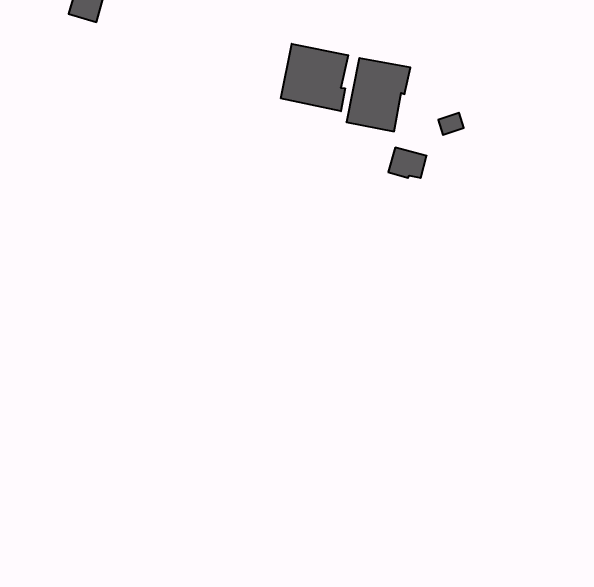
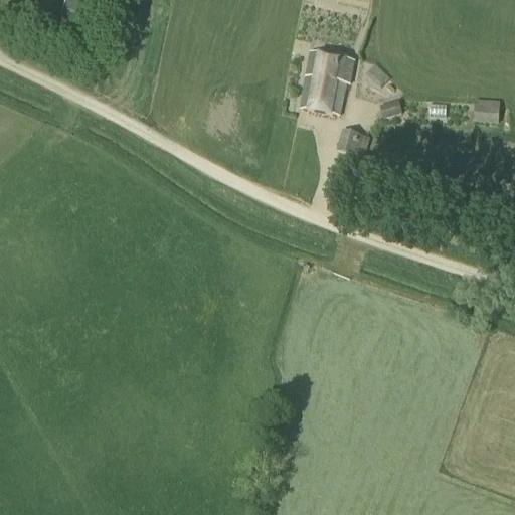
building: [281,44,348,111] -> none
building: none -> [473,97,499,121]

